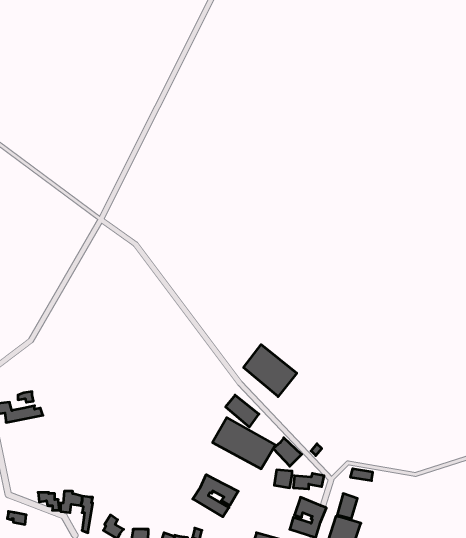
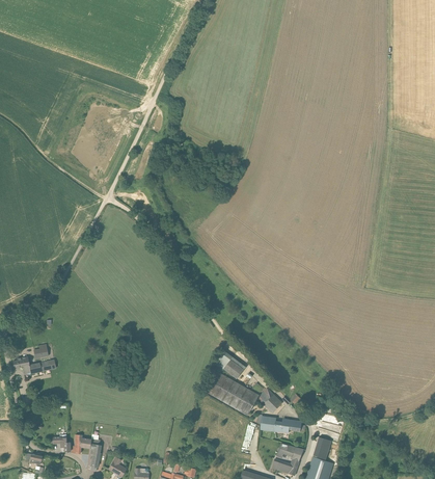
building: [244,345,297,397] -> none
building: [193,475,238,517] -> none

